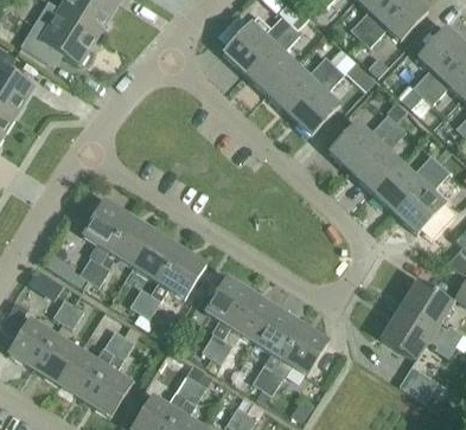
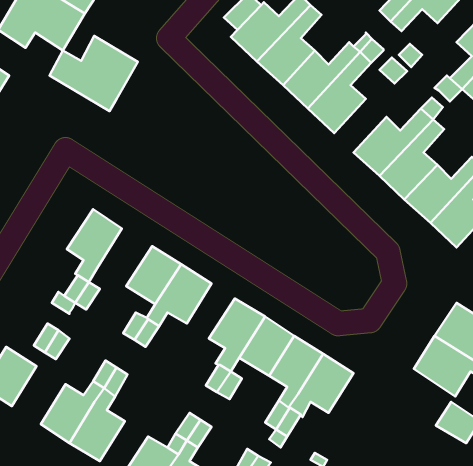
building: none -> [50,36,138,111]
building: [108,216,155,265] -> none
building: [34,334,81,384] -> none

